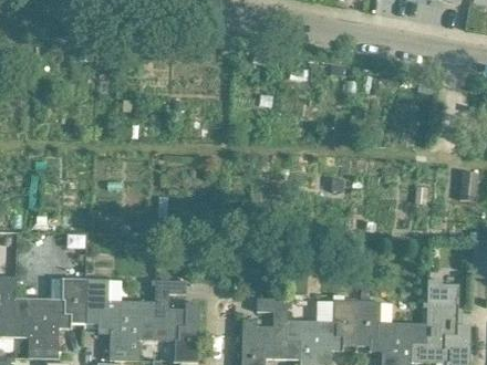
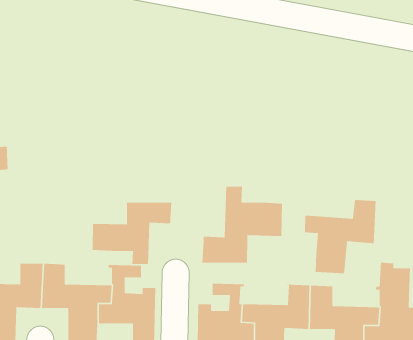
building: none -> [202,186,283,263]
building: none -> [304,199,376,274]
building: none -> [92,202,172,265]

